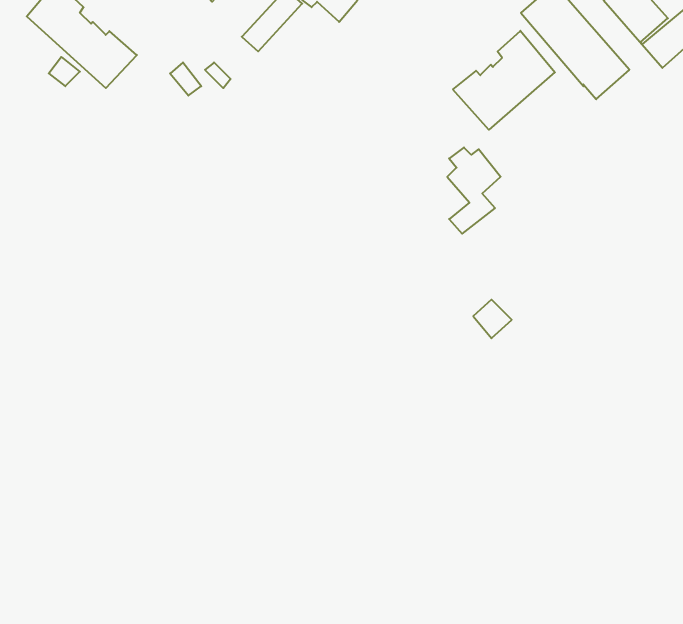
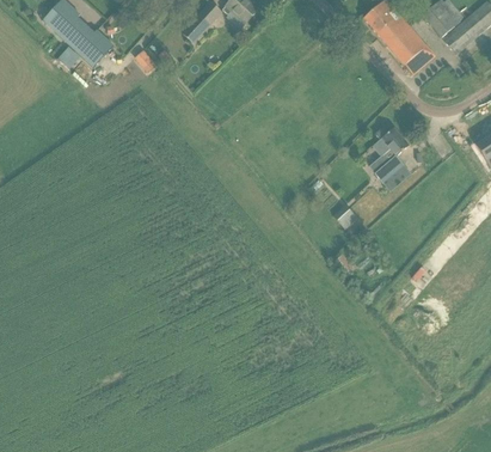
building: [453,31,555,130] -> none
building: [447,147,501,234] -> [374,127,409,183]

